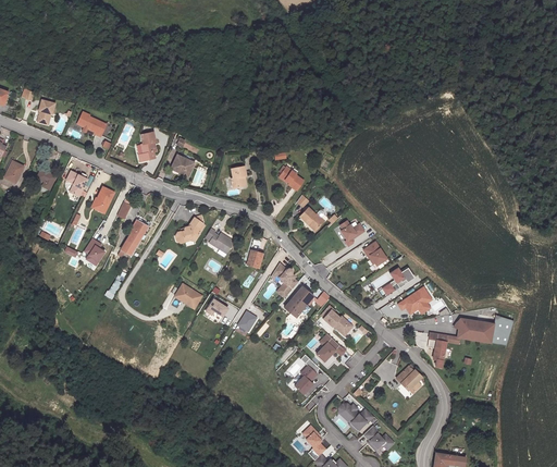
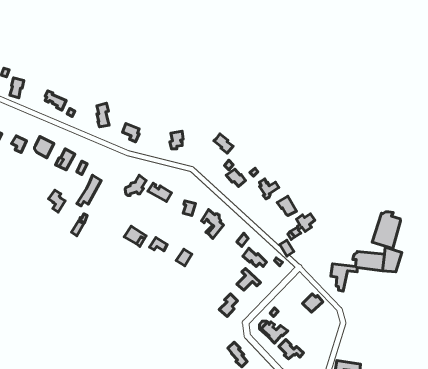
building: none -> [372,212,400,249]
building: [284,285,313,317] -> none
building: [397,287,430,315] -> none

